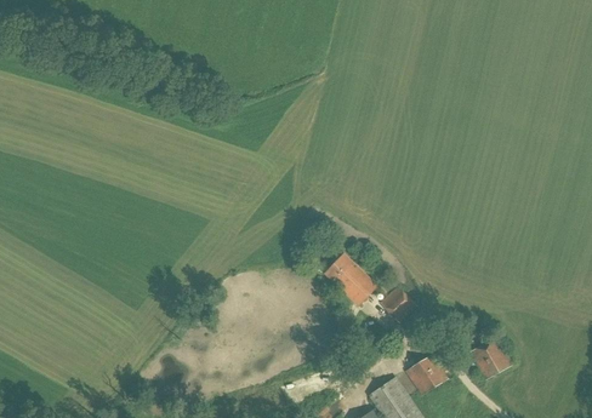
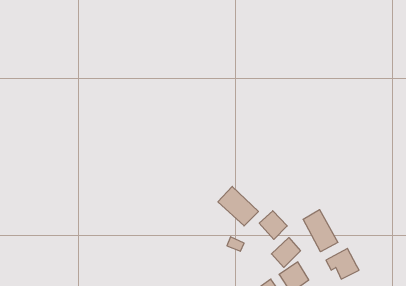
building: none -> [303,210,338,252]
building: none -> [271,238,300,267]

